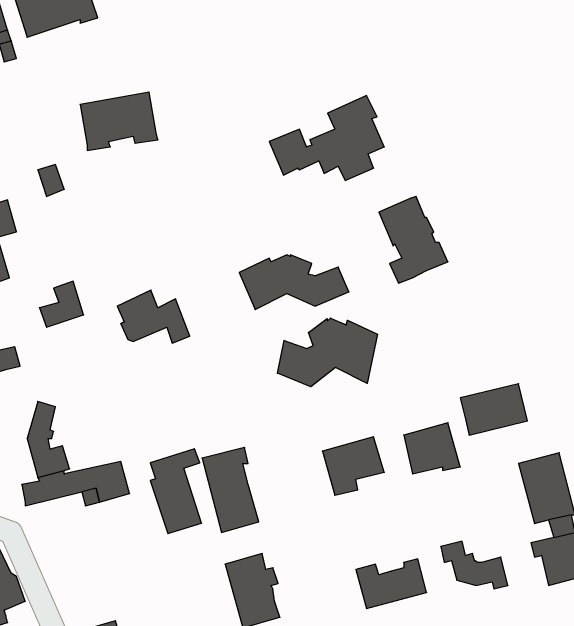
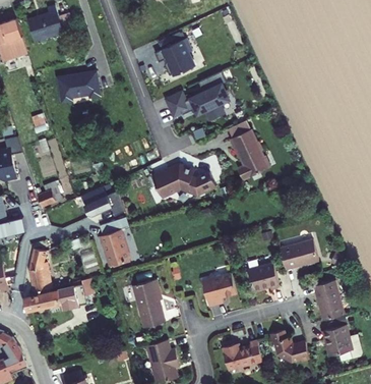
building: none -> [158,39,198,78]
building: [277,318,377,387] -> none
building: [150,449,202,534] -> [99,218,128,267]

